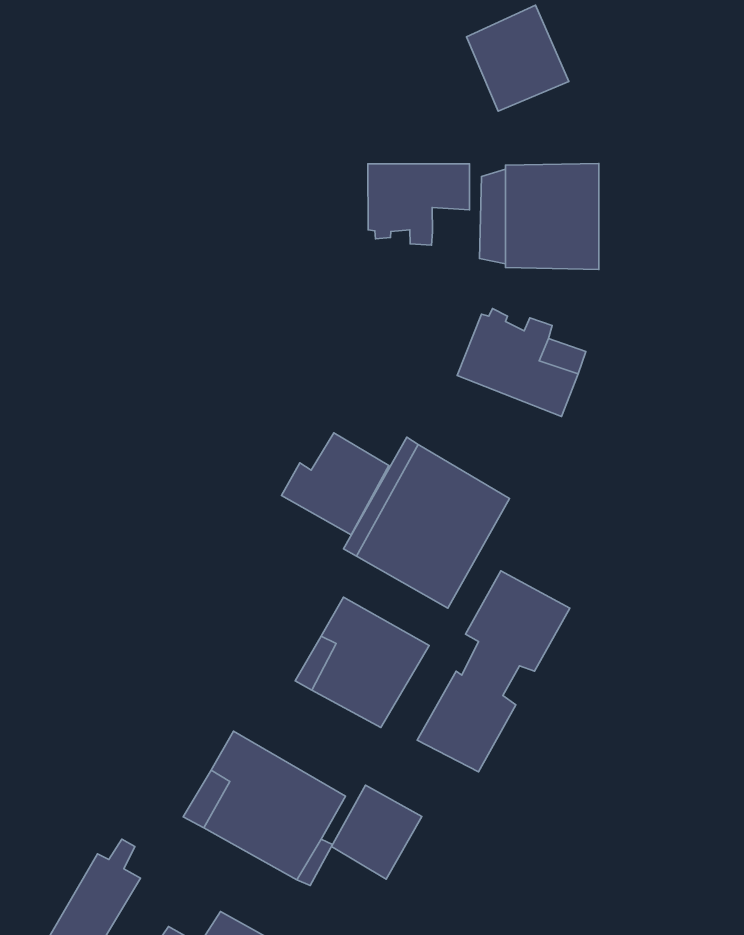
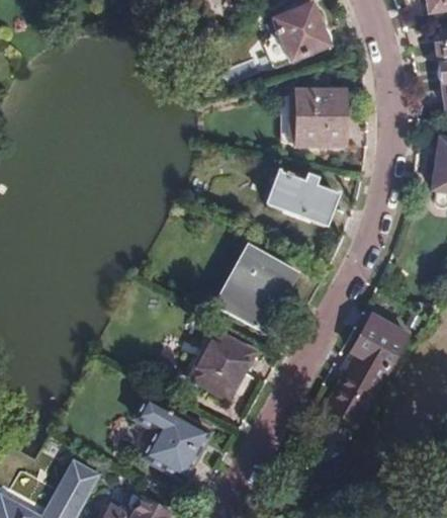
building: [368,164,470,245] -> none
building: [281,433,389,535] -> none
building: [417,571,570,772] -> [326,313,409,422]
building: [331,785,422,879] -> none

